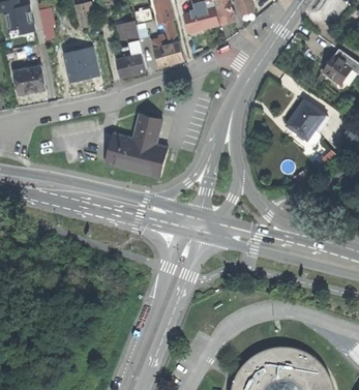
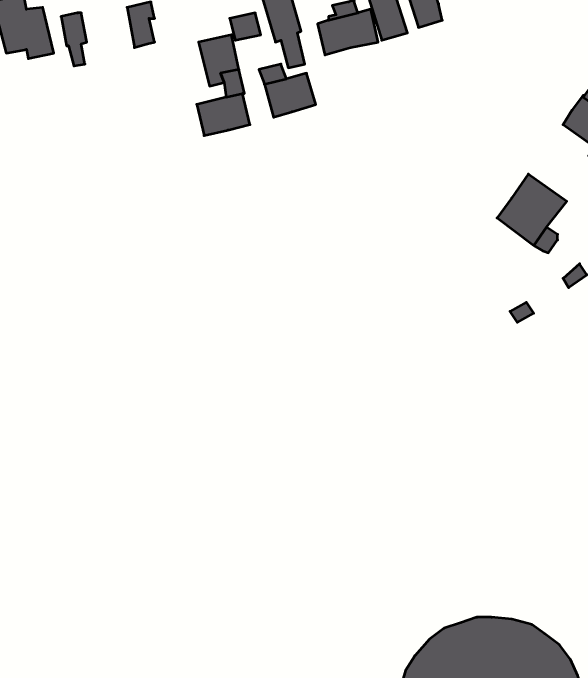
building: [65,39,90,90] -> none
building: [13,66,46,94] -> none
building: [107,114,169,177] -> none

